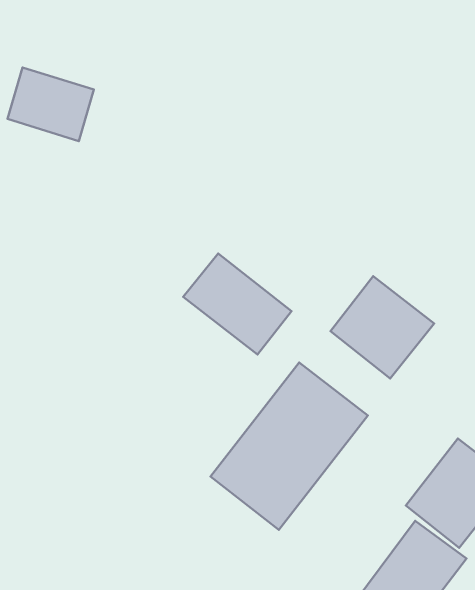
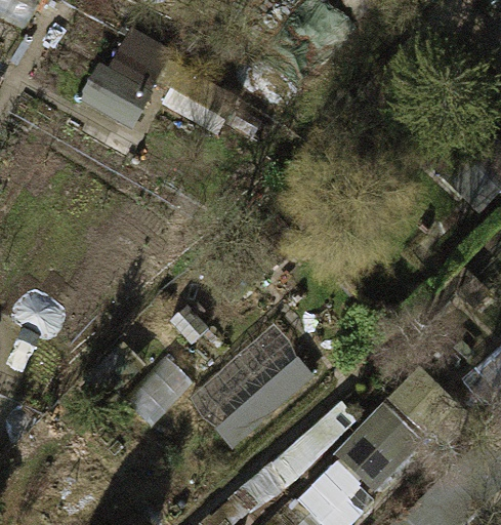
building: [183,253,291,355] -> none
building: [330,276,434,378] -> none

